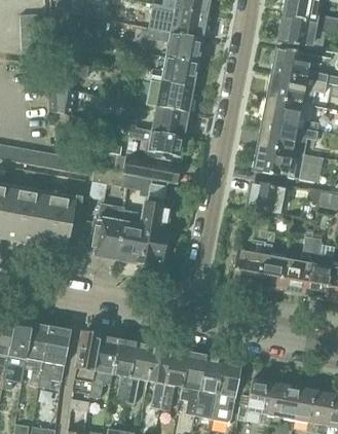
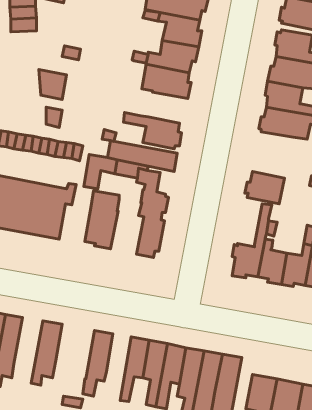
building: [129,107,190,137] -> none
building: [253,145,304,179] -> none
building: [116,210,148,262] -> none
building: [24,323,51,386] -> none
building: [74,333,99,382] -> none
building: [112,338,136,402] -> none

